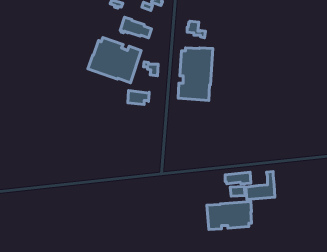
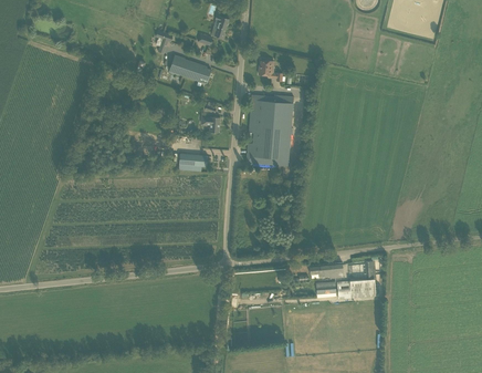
building: [88,37,141,83] -> none
building: [207,201,252,230] -> none

